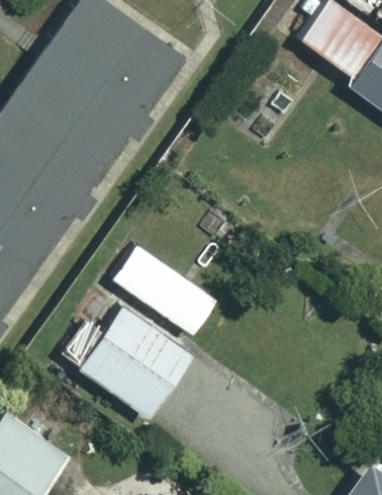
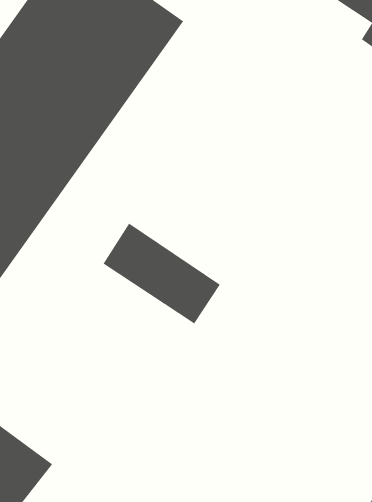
building: [81,306,193,417] -> none

